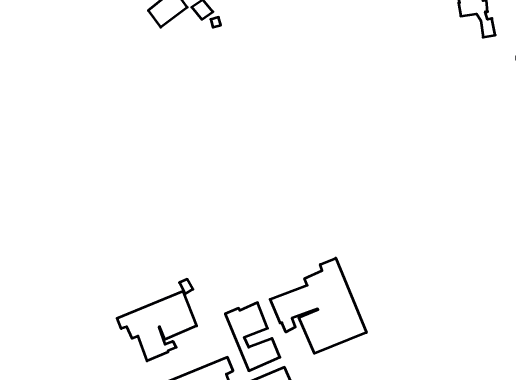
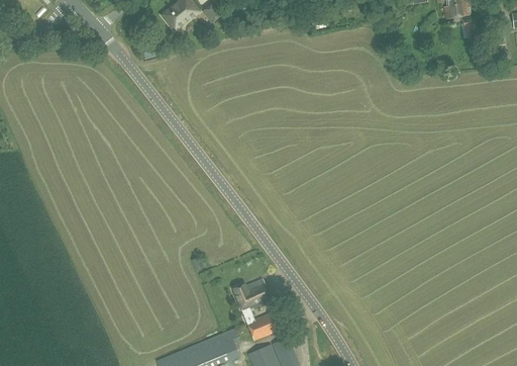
building: [270,258,366,353] -> none
building: [117,291,197,361] -> none

